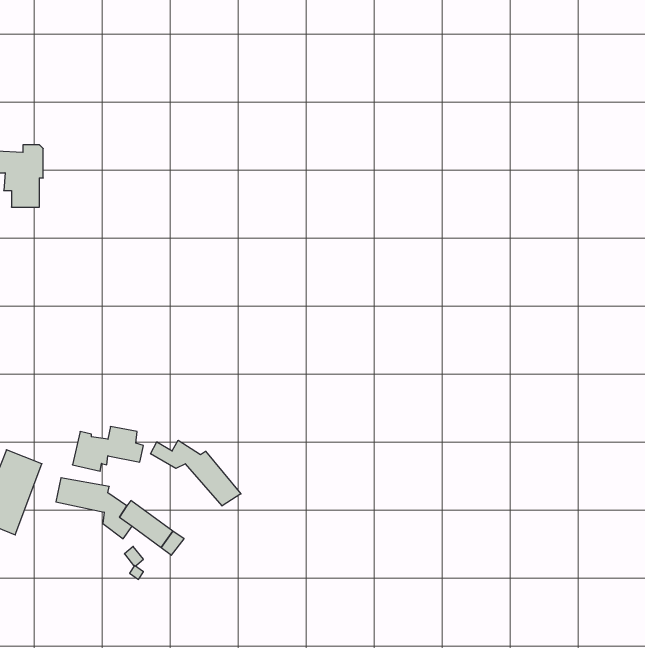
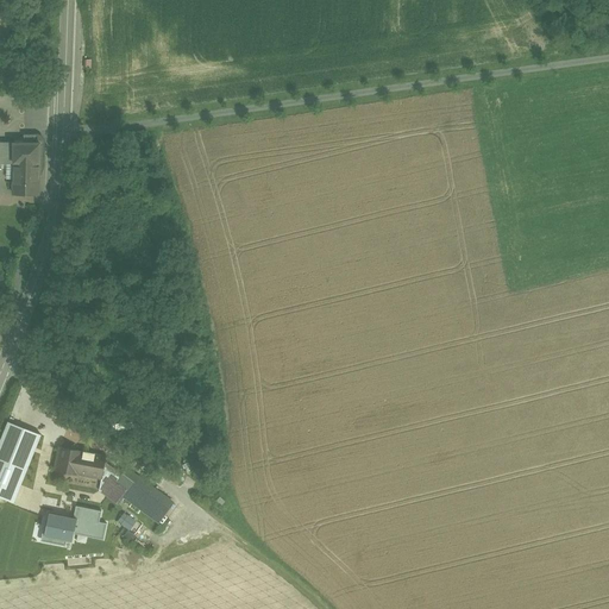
building: [72,427,143,471] -> [37,507,103,548]
building: [151,440,241,506] -> none

